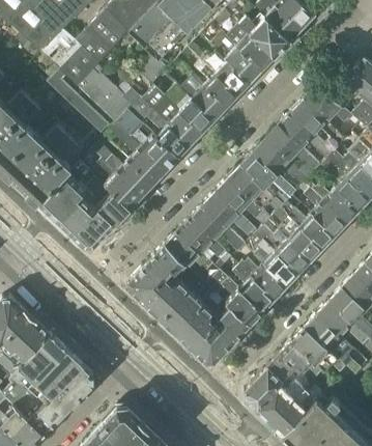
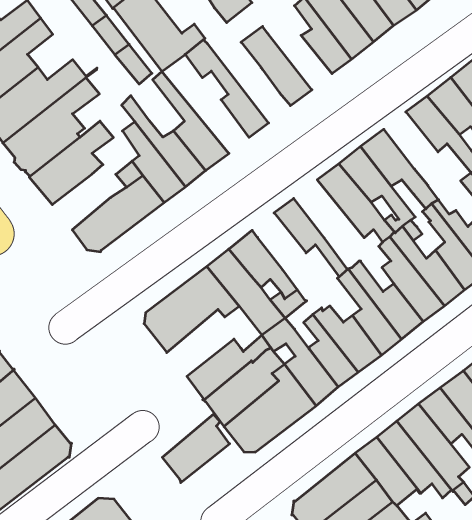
building: [180,76,226,120] -> none
building: [142,92,202,146] -> none
building: [115,110,178,170] -> none
building: [265,126,320,179] -> none
building: [213,178,270,233] -> none
building: [57,197,94,235] -> none
building: [190,204,246,253] -> none
building: [146,273,189,320] -> [162,414,230,483]

